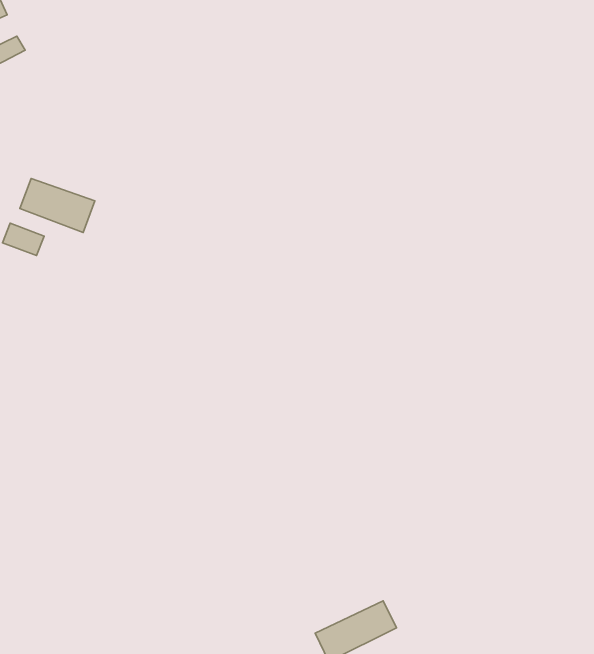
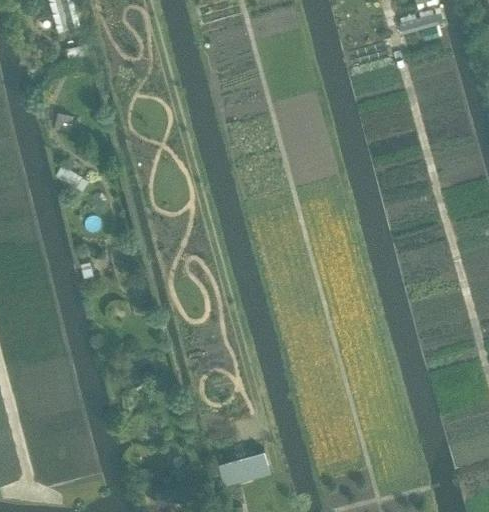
building: [20,178,95,232] -> none

